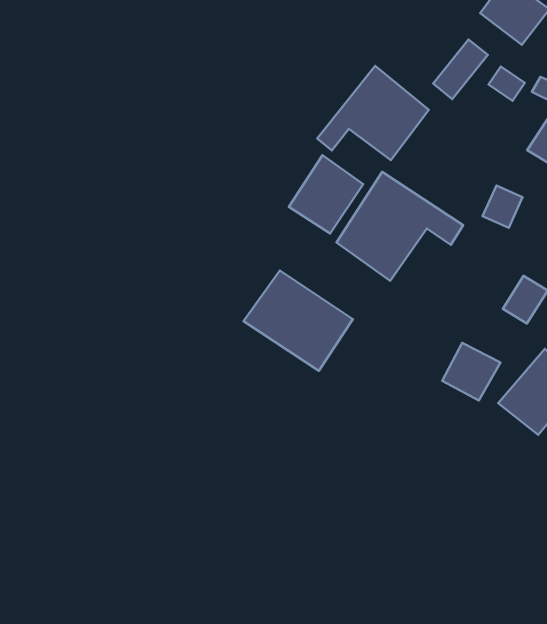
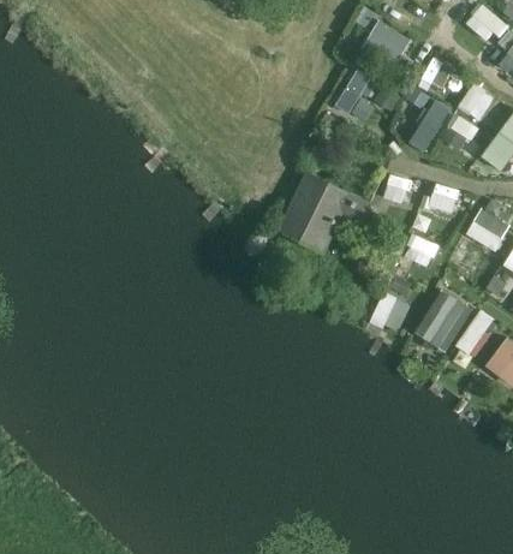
building: [317,66,429,160] -> none
building: [289,155,363,234] -> none
building: [243,270,353,371] -> none

